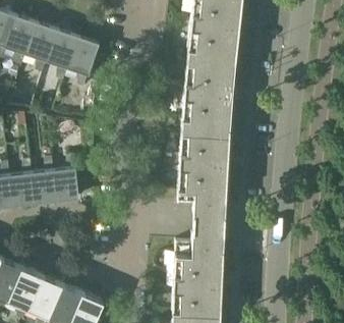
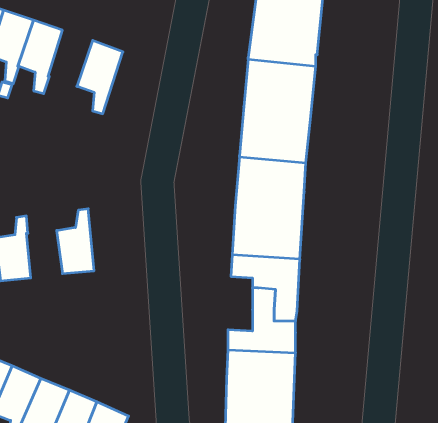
building: [47,30,78,82] -> none
building: [32,158,57,205] -> none

